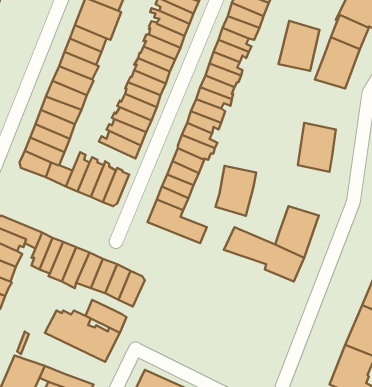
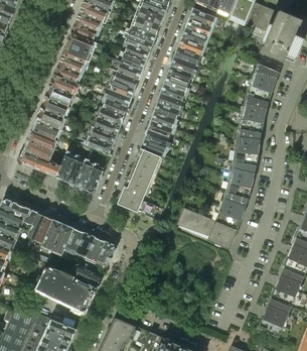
building: [279,21,319,71] -> [237,95,268,133]
building: [215,166,256,216] -> [224,160,256,199]

